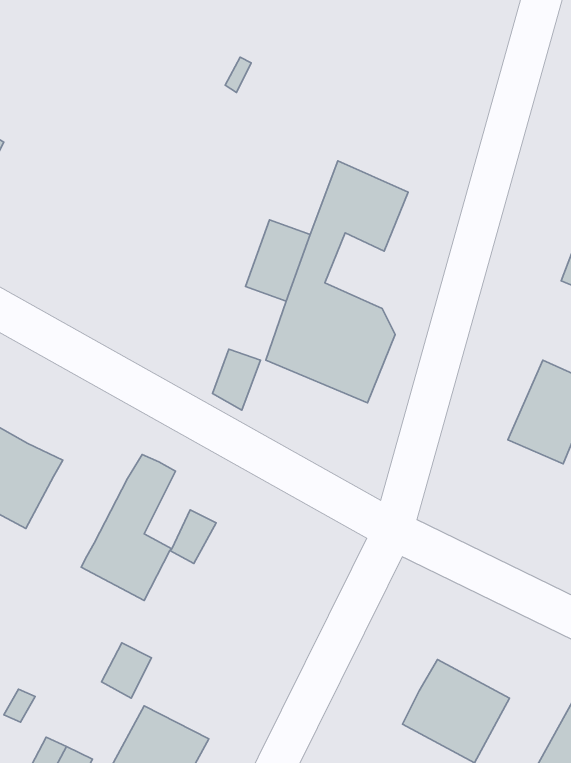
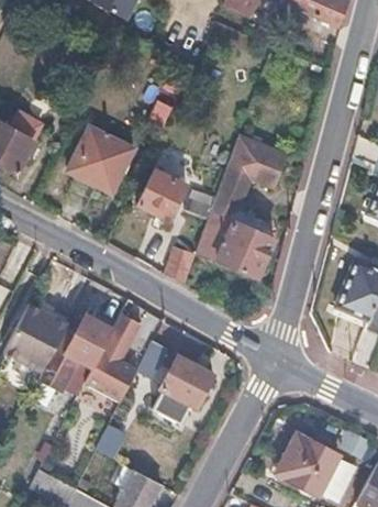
building: none -> [68,126,134,194]
building: none -> [136,173,185,223]
building: none -> [43,315,113,388]
building: none -> [153,355,214,423]

